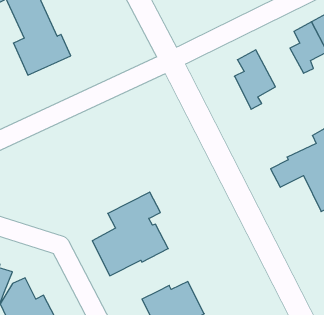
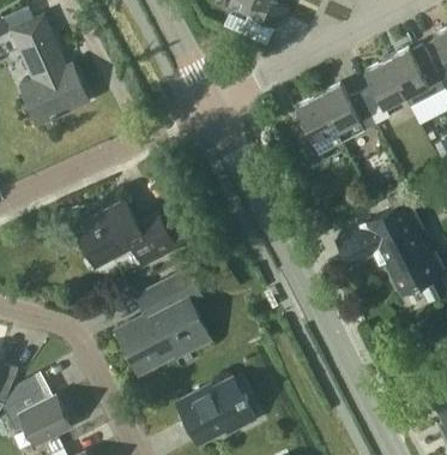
building: none -> [318,84,376,140]
building: none -> [74,202,191,267]

